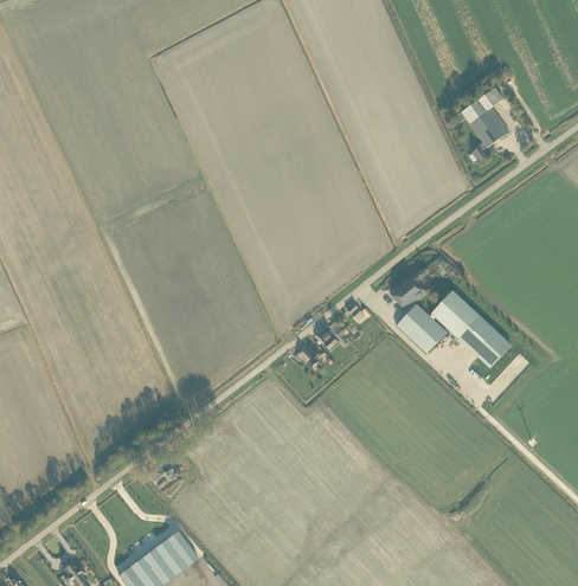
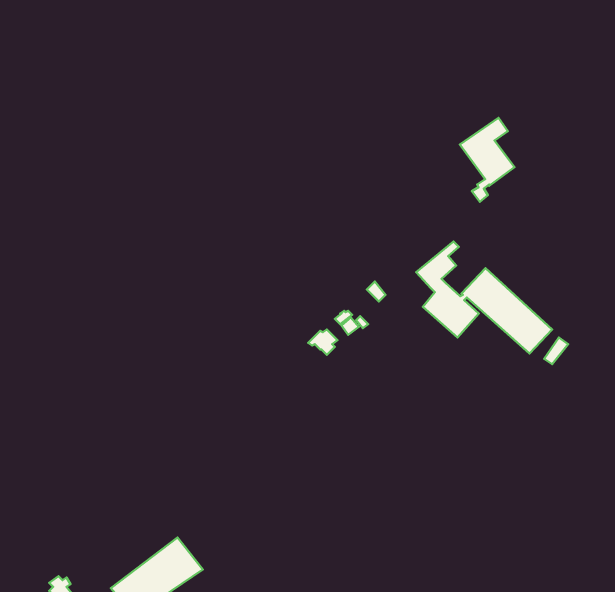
building: [460,86,508,161] -> [460,118,515,202]

